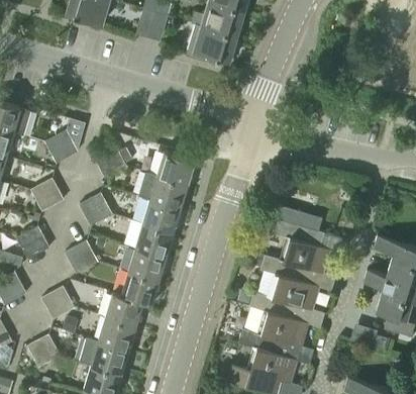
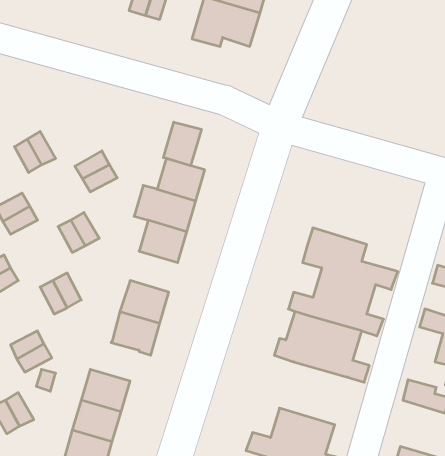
building: none -> [163,122,201,166]
building: [136,223,174,256] -> none
building: [105,292,143,325] -> none
building: [238,310,313,364] -> none

